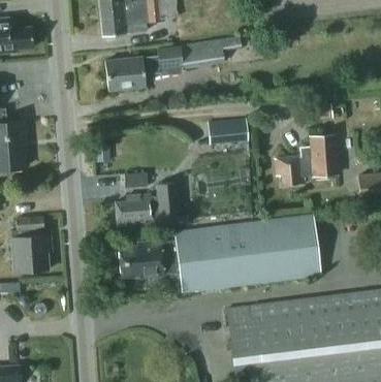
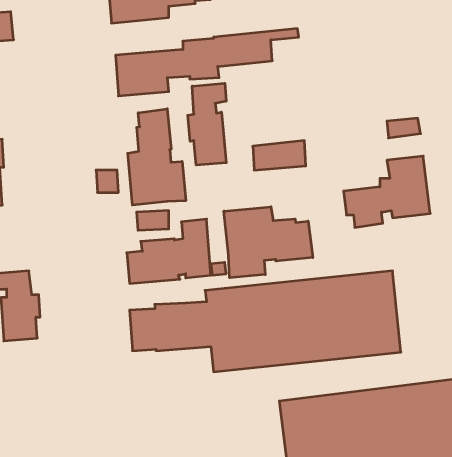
building: none -> [188,83,226,165]
building: none -> [128,109,186,205]
building: none -> [224,207,313,278]

